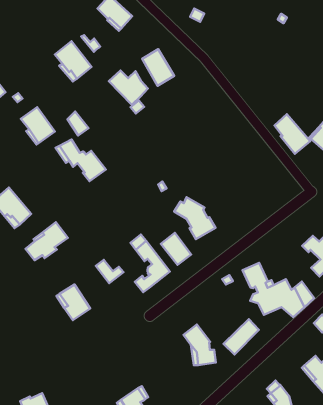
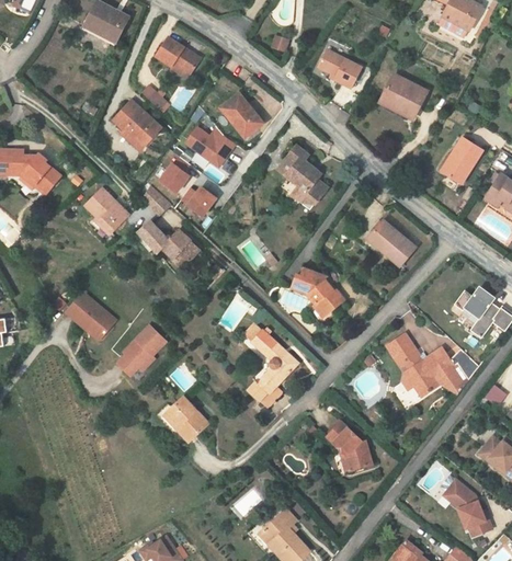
building: none -> [317,49,361,89]
building: none -> [379,76,425,118]
building: none -> [161,157,190,192]
building: none -> [276,146,327,204]
building: [274,114,310,154] -> [368,220,416,267]
building: none -> [182,185,215,213]
building: [161,233,191,265] -> none
building: [96,260,123,283] -> [247,381,282,409]
building: [224,319,259,355] -> none

